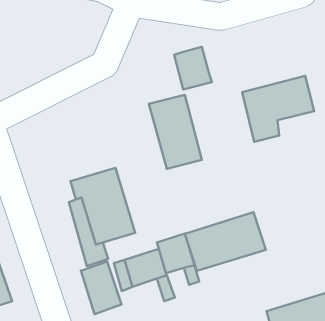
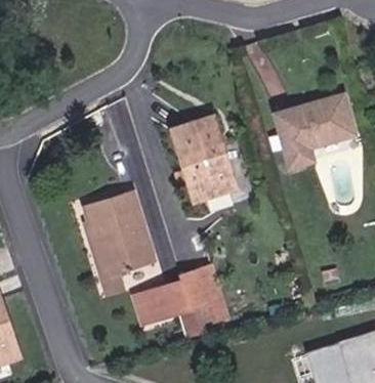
building: [174,47,212,90] -> none
building: [185,212,266,271] -> none
building: [81,261,122,314] -> none

